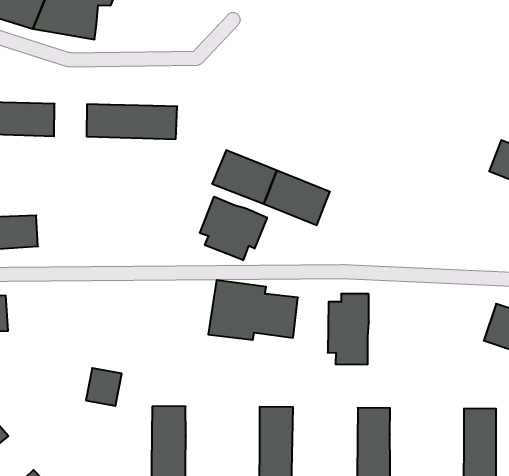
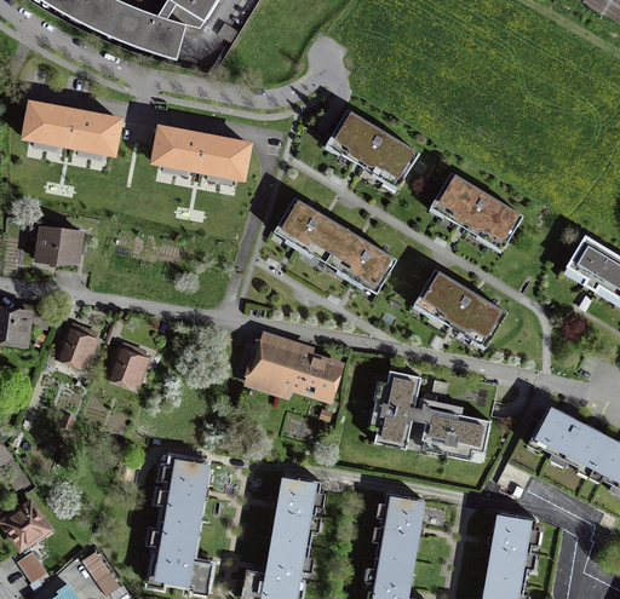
building: none -> [326,113,418,190]
building: none -> [430,175,521,252]
building: [200,197,267,260] -> none
building: none -> [414,272,506,350]
building: none -> [58,323,102,370]
building: none -> [411,404,489,454]
building: [86,368,122,406] -> [111,349,154,392]

